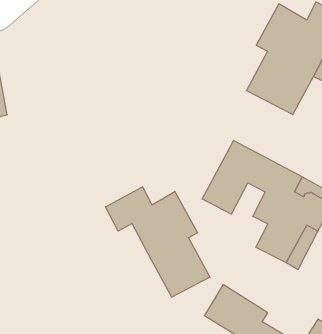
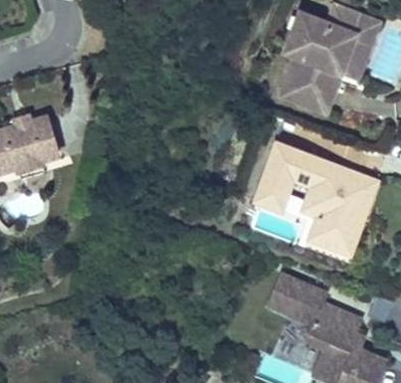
building: [105,187,210,297] -> none

